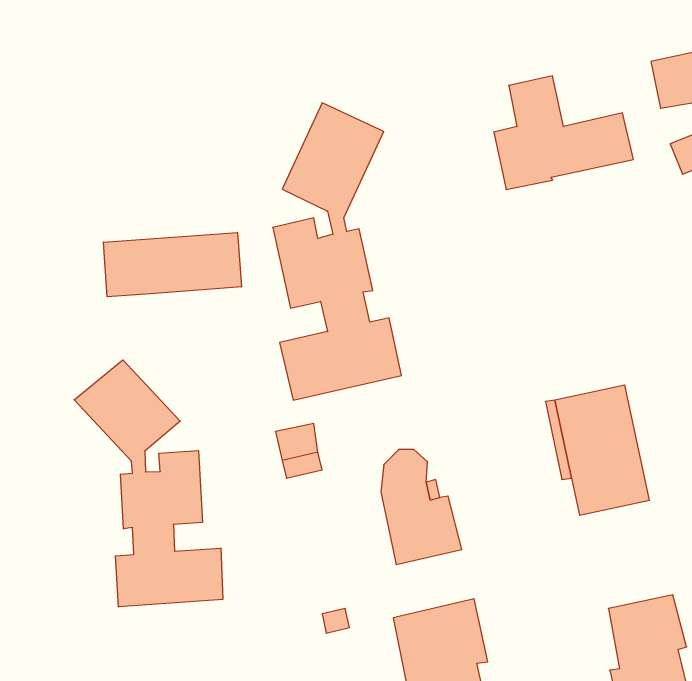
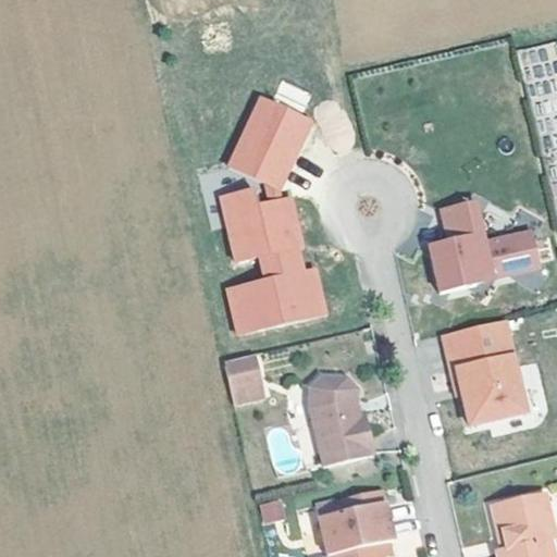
building: [494,76,633,190] -> [431,201,542,292]
building: [103,232,241,297] -> none
building: [74,360,223,607] -> none

